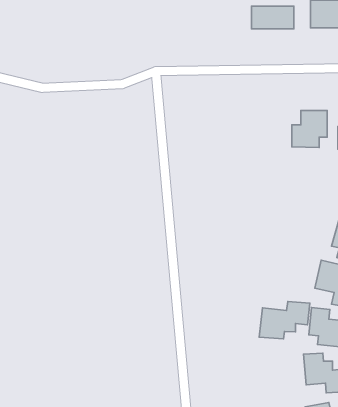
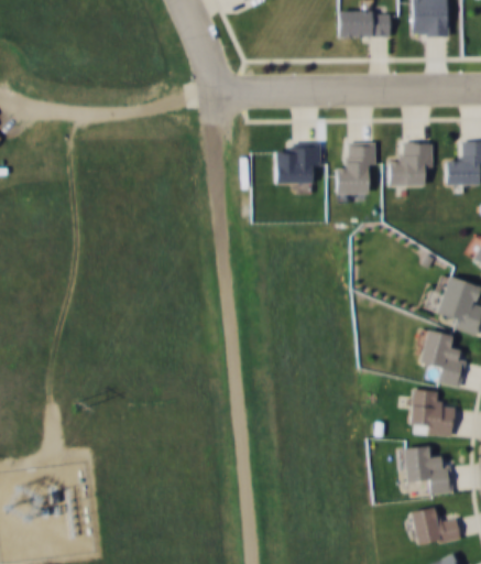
building: none -> [337,141,378,194]
building: none -> [276,142,323,194]
building: [259,301,310,339] -> none

